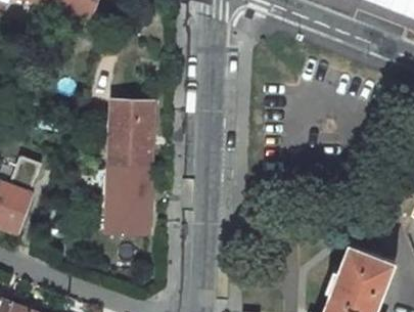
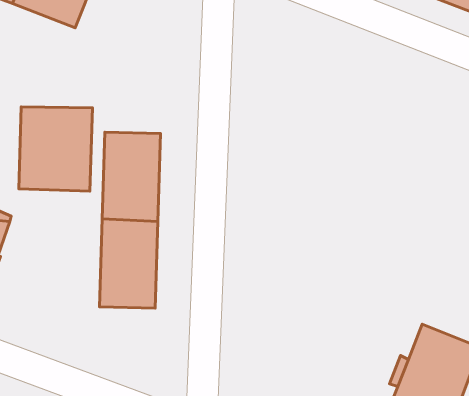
building: none -> [19,107,92,191]

